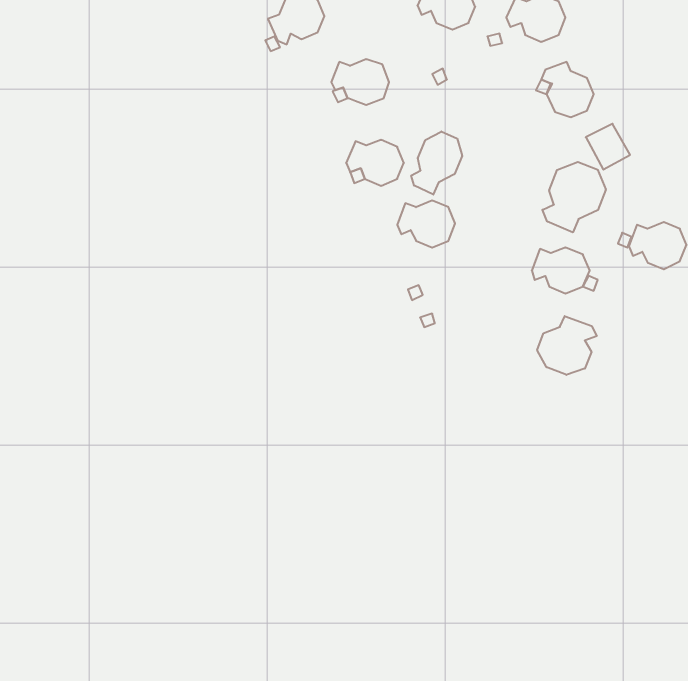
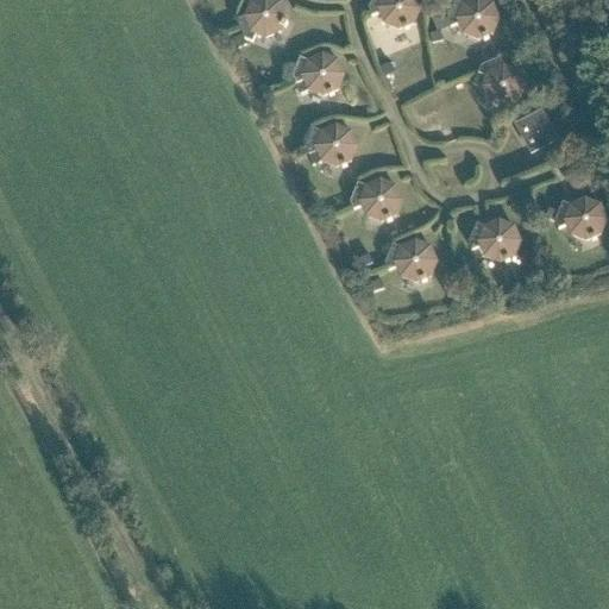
building: [411,131,462,195] -> none
building: [542,162,606,232] -> none
building: none -> [385,239,437,280]
building: [537,316,597,375] -> none

